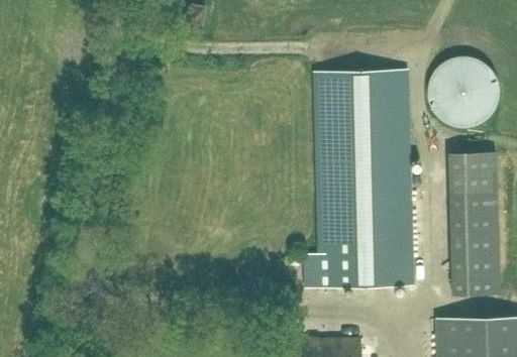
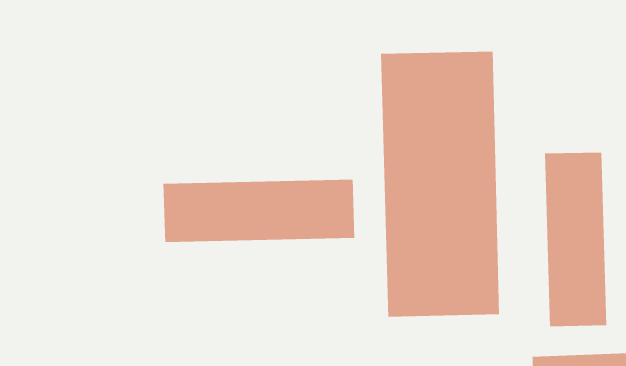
building: [426,55,498,128] -> none
building: none -> [163,179,355,243]

